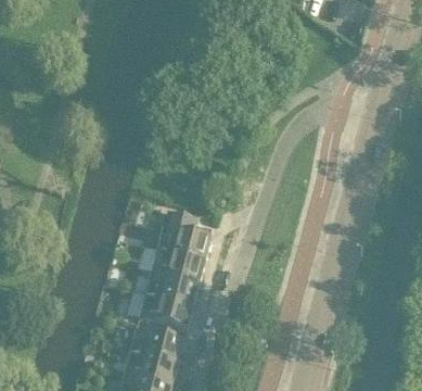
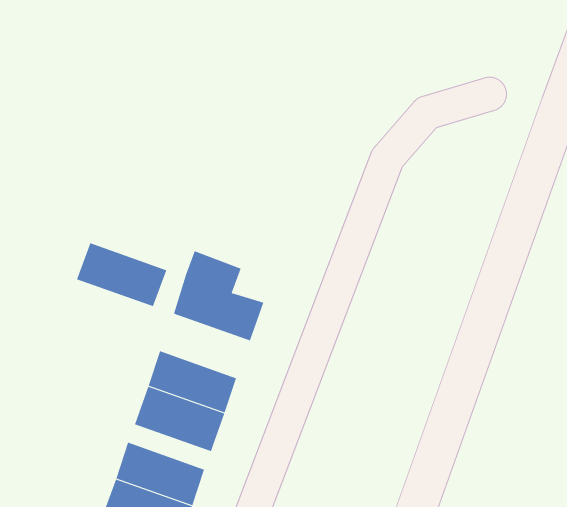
building: [151,247,205,282] -> [76,243,167,307]

